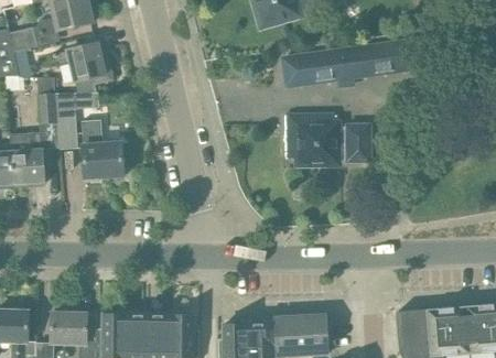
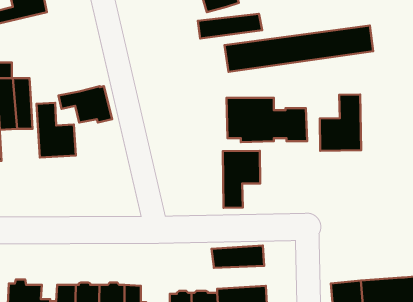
building: none -> [198,14,262,38]
building: [54,43,111,82] -> [59,86,112,122]
building: none -> [320,94,361,151]
building: none -> [223,151,260,208]
building: none -> [212,246,264,268]

